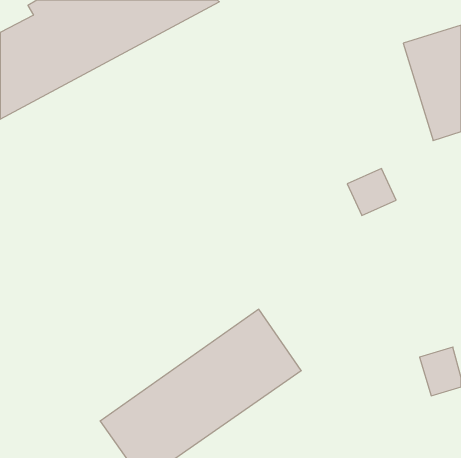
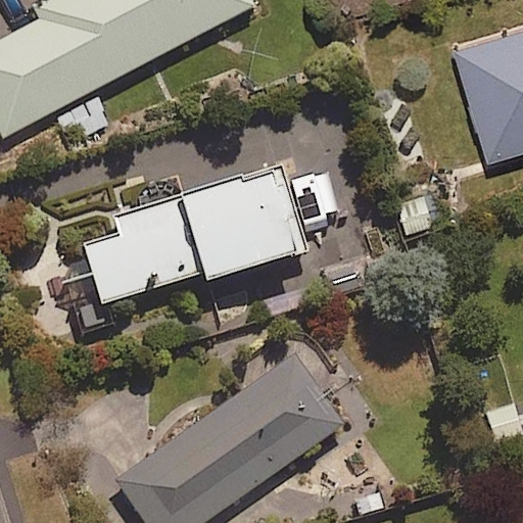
building: none -> [87,170,294,303]

